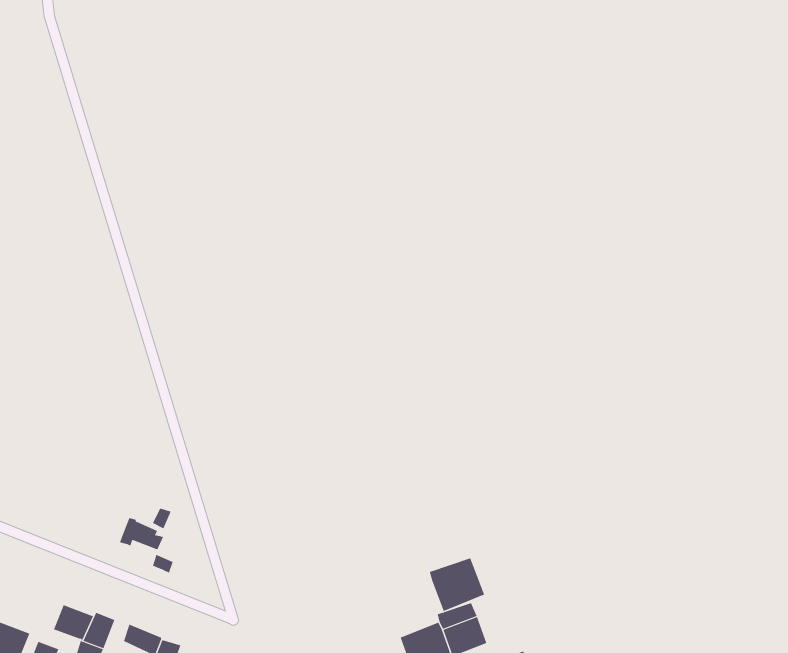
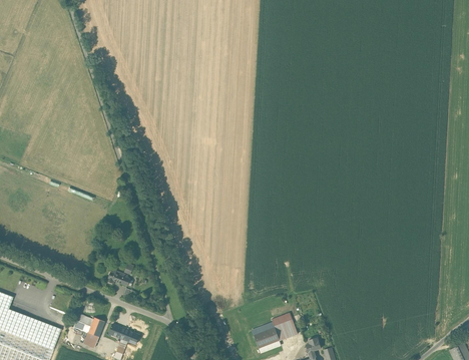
building: [429,558,485,612] -> none

